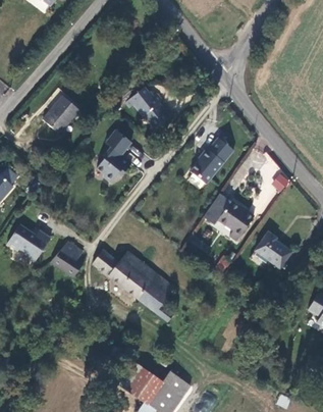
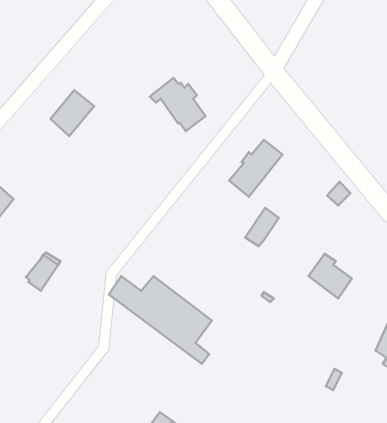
building: [95,131,129,183] -> none
building: [218,201,254,241] -> none
building: [7,224,35,251] -> none
building: [53,242,83,277] -> none

